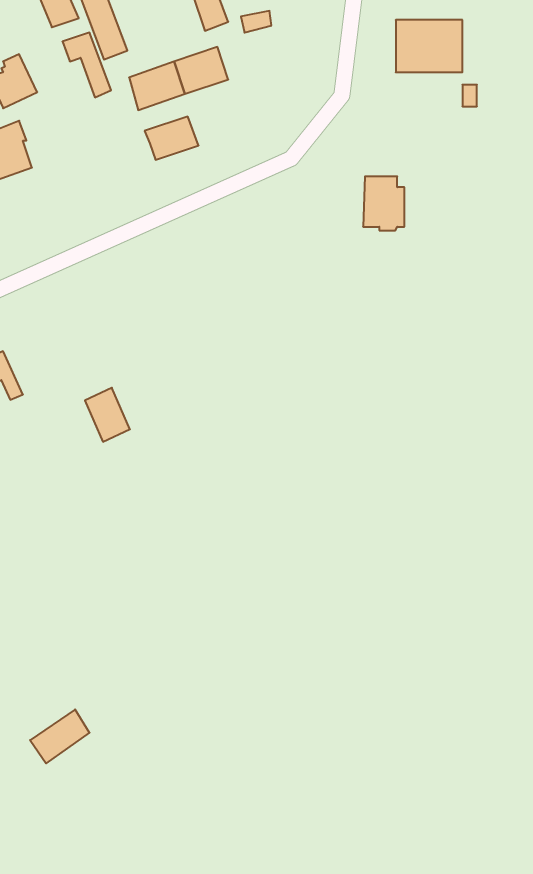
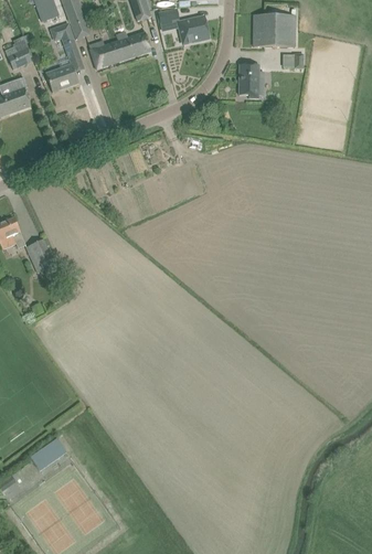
building: none -> [177,18,208,43]
building: [145,117,199,160] -> [44,64,77,90]
building: [363,176,404,230] -> [237,64,263,97]
building: [85,388,130,442] -> [25,239,53,273]

